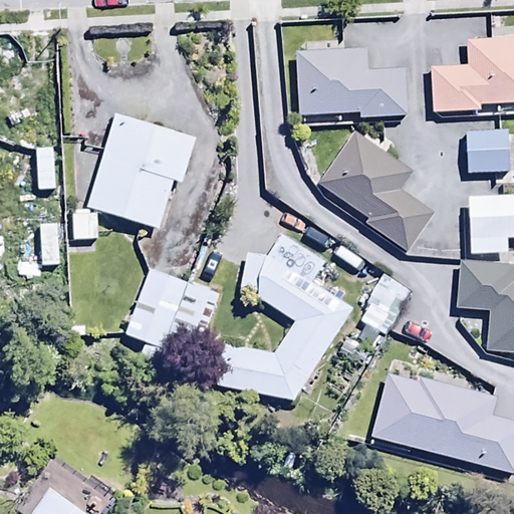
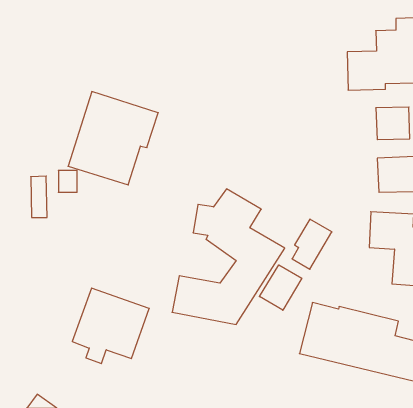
building: [297,36,408,117] -> none
building: [317,132,434,252] -> none
building: [124,268,220,361] -> [72,288,149,364]
building: none -> [259,265,302,310]

